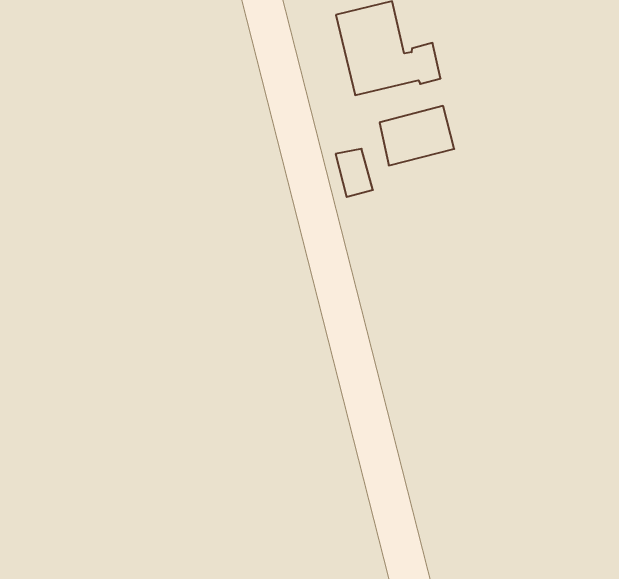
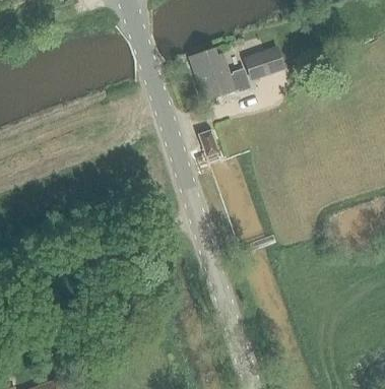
building: [380,106,454,165] -> [242,45,284,80]

